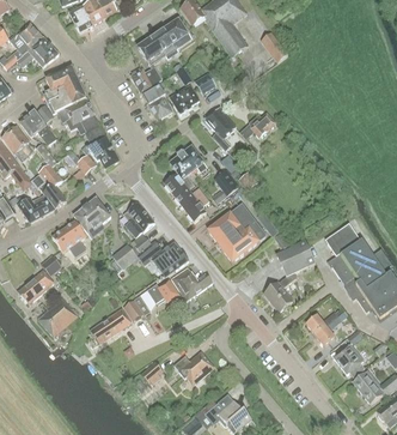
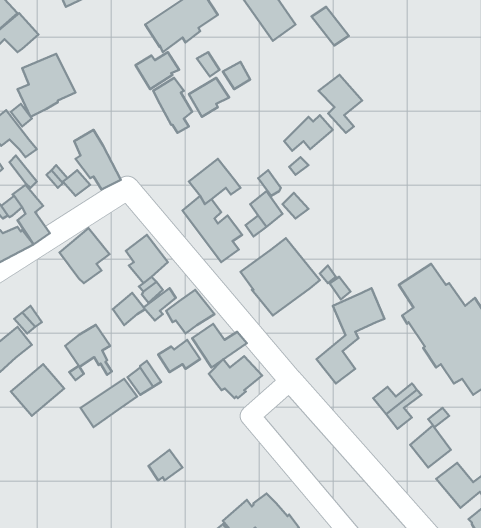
building: [65,96,99,134] -> none
building: [204,107,237,150] -> [318,75,362,133]
building: [53,220,87,258] -> [65,325,112,375]
building: [175,352,214,383] -> [209,356,262,398]

